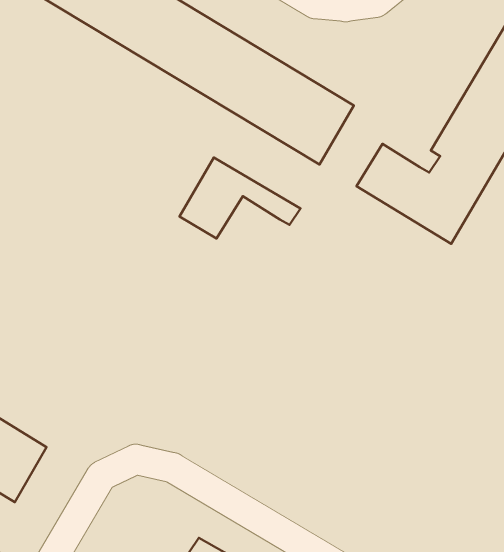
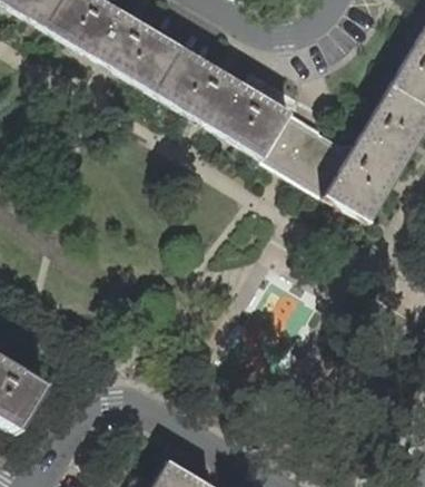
building: [180,158,300,239] -> [264,110,362,176]

